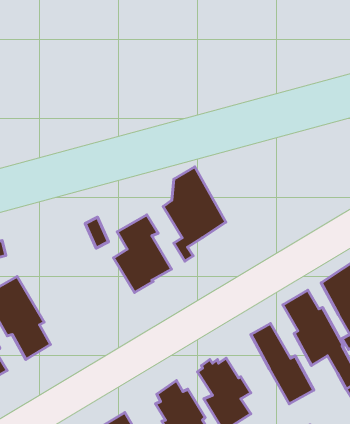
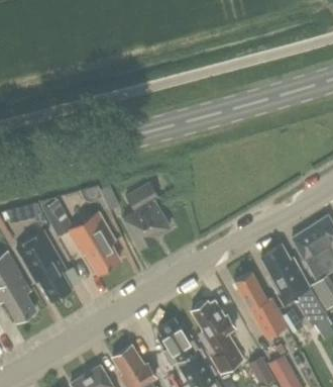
building: [163,167,226,261] -> none
building: none -> [39,198,73,236]
building: none -> [76,213,120,274]

